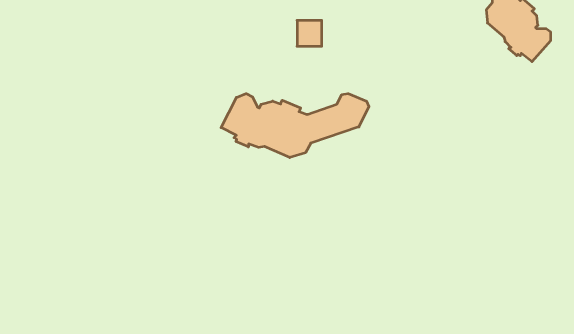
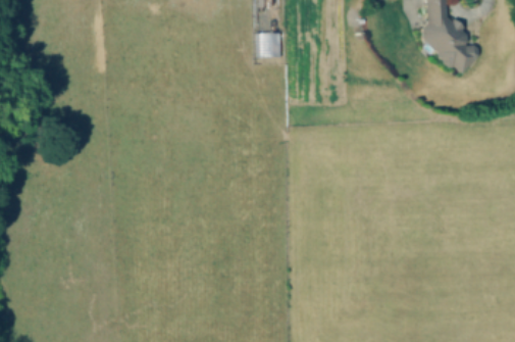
building: [221,94,369,158] -> none

